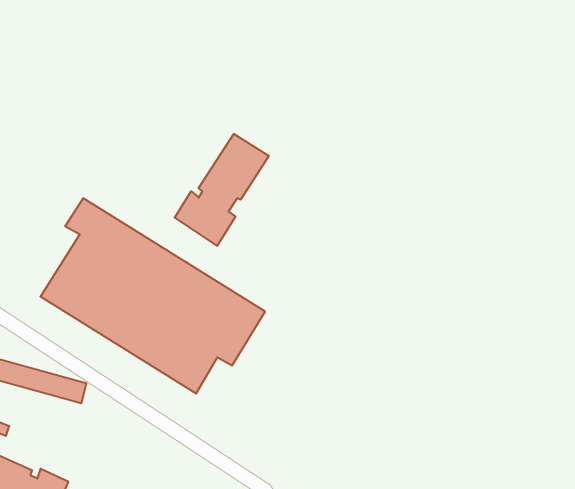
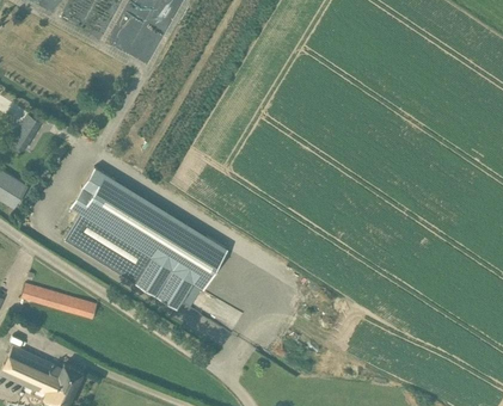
building: [175,134,269,246] -> none

